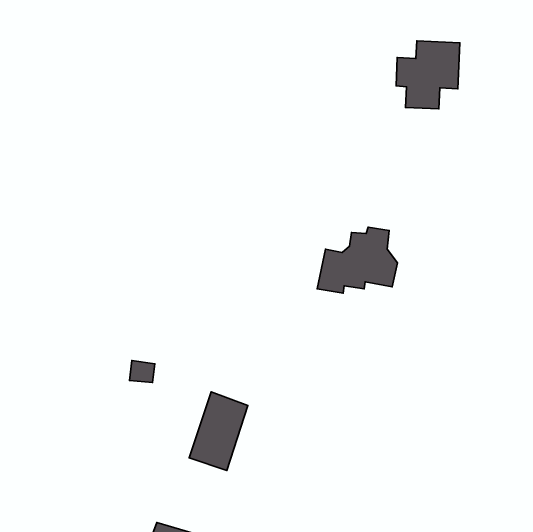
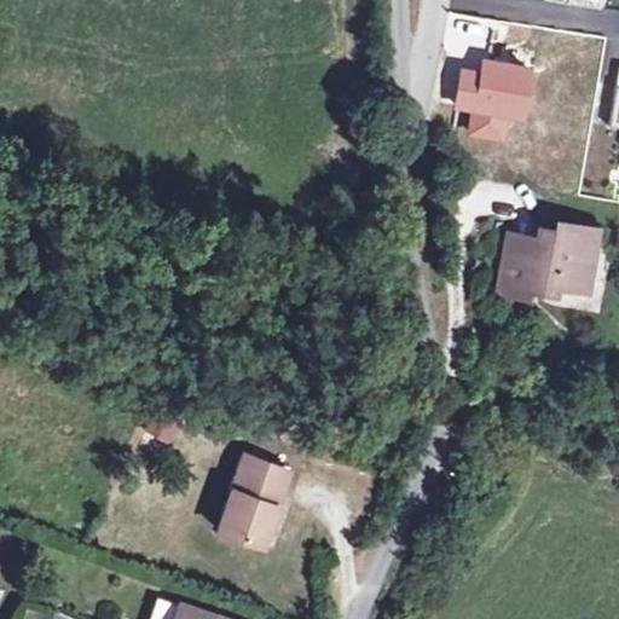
building: [317,227,398,293] -> [501,225,594,301]

